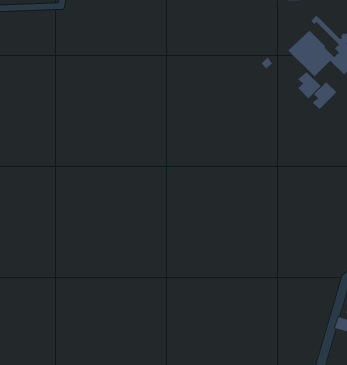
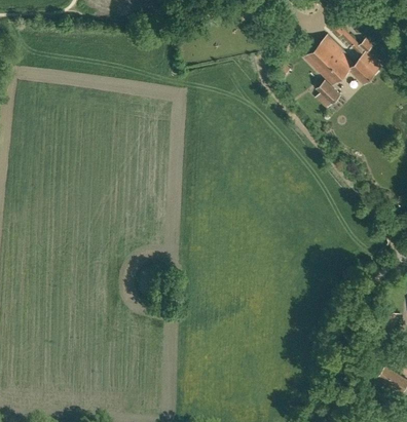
building: [312,81,337,110] -> none

